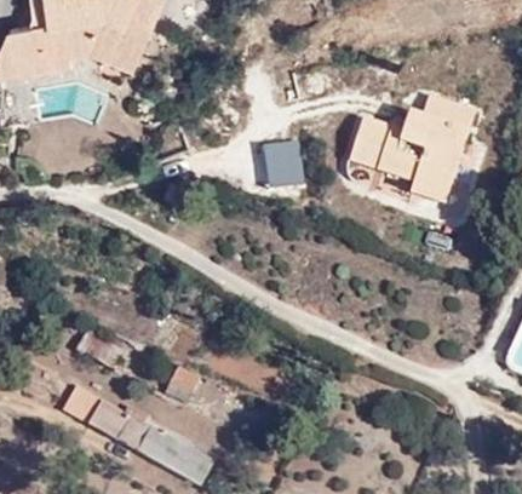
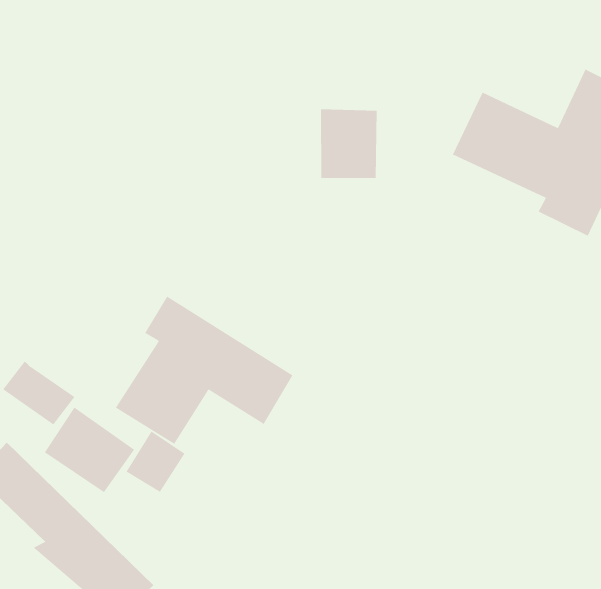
building: none -> [115,296,293,445]
building: none -> [44,406,135,493]

